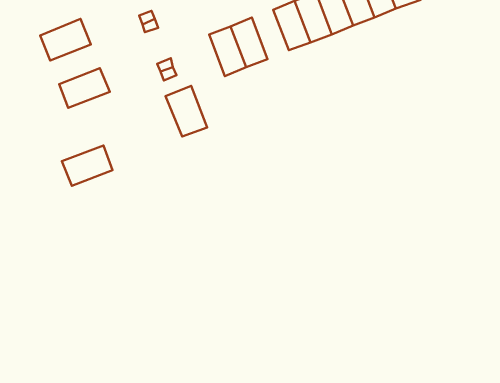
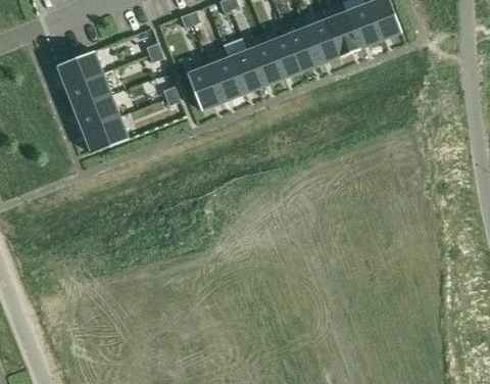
building: none -> [248,41,282,86]
building: none -> [65,73,110,108]
building: [165,86,207,137] -> [186,63,224,109]
building: [62,145,112,186] -> [82,115,128,152]

